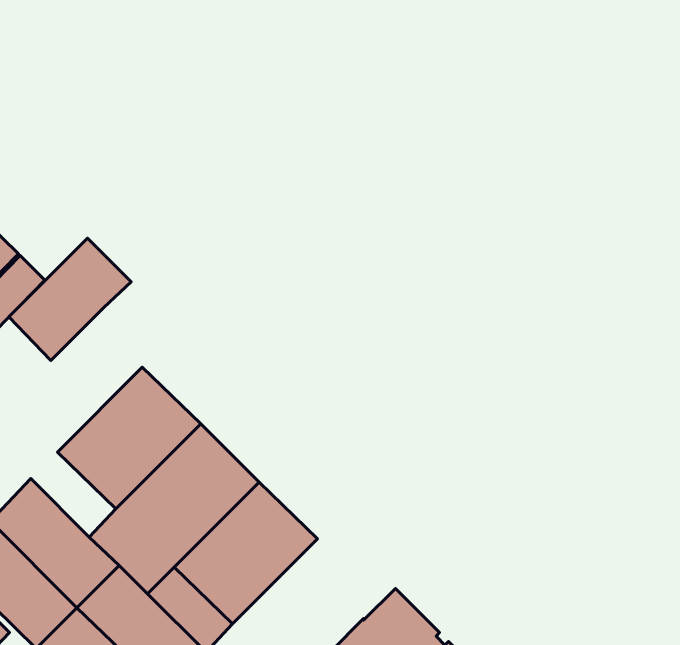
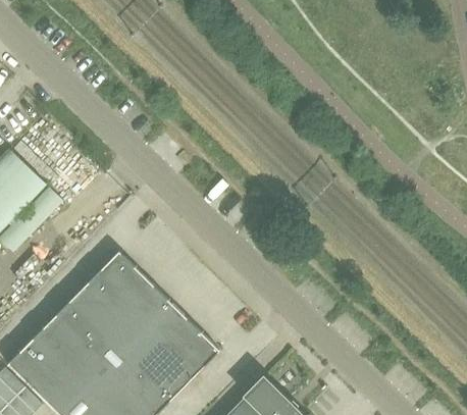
building: [9,238,131,361] -> none
building: none -> [54,301,103,350]

